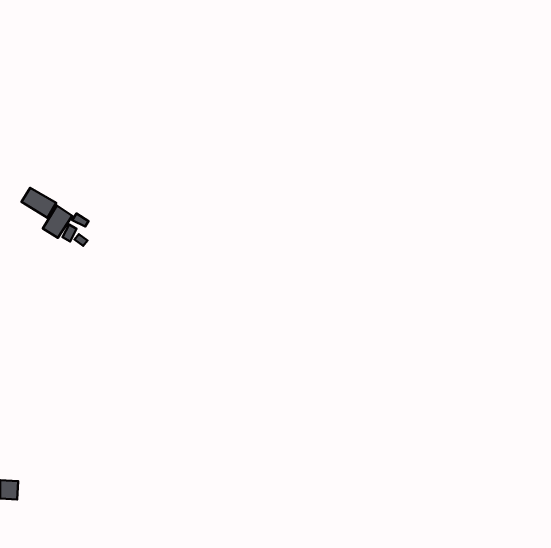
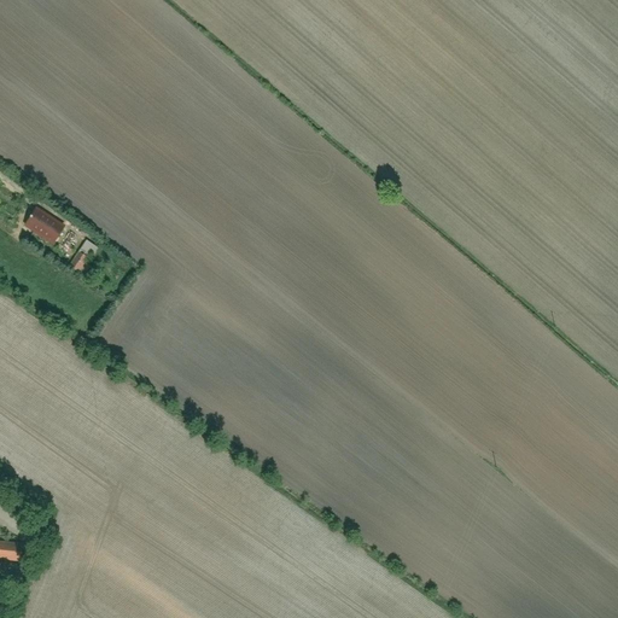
building: [43,206,72,238] -> none

